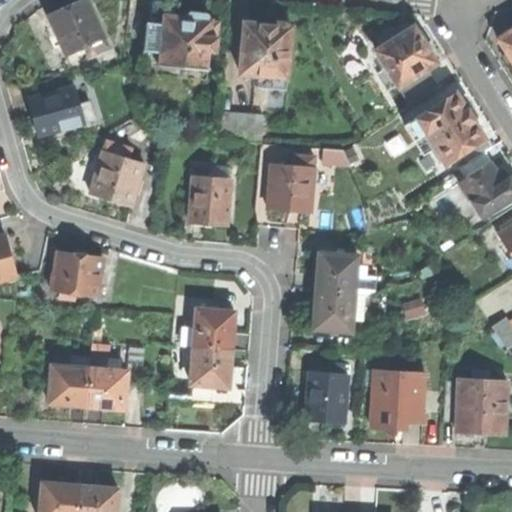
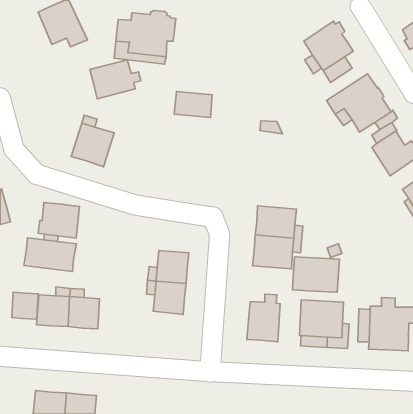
building: [240,21,290,90] -> none
building: [27,87,90,135] -> [90,60,141,99]
building: [268,156,315,213] -> none
building: [189,166,231,226] -> none
building: none -> [24,238,76,272]
building: none -> [292,257,339,292]
building: none -> [12,292,38,319]

